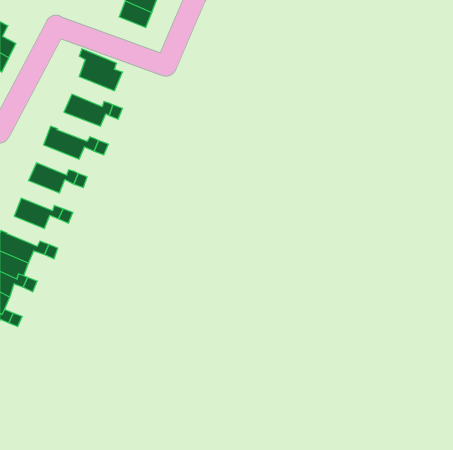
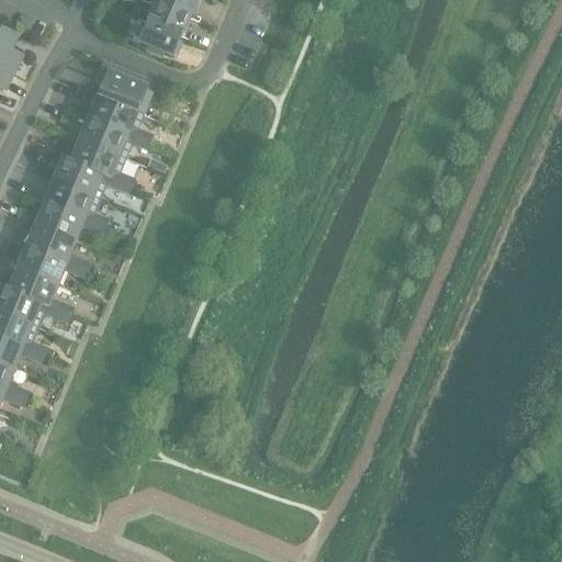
building: none -> [138,21,180,55]
building: none -> [89,94,142,132]
building: none -> [70,138,124,175]
building: none -> [45,179,98,216]
building: none -> [26,223,74,260]
building: none -> [9,267,55,304]

